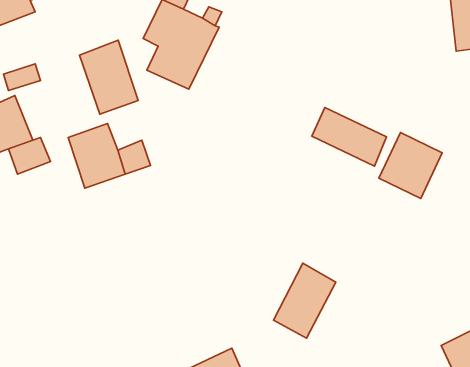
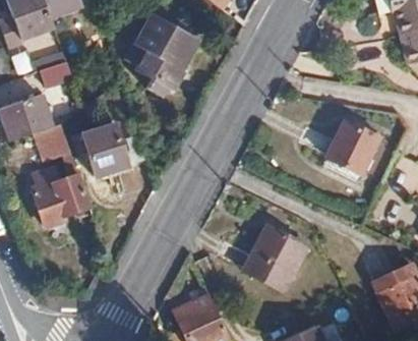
building: [80,40,138,114] -> none
building: [312,108,386,166] -> none
building: none -> [34,172,89,227]

